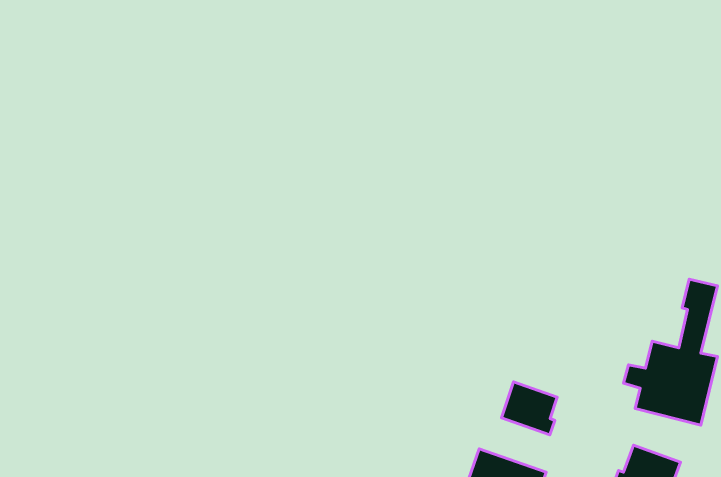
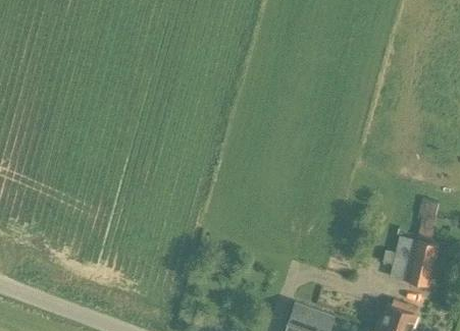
building: [501,382,557,435] -> none

